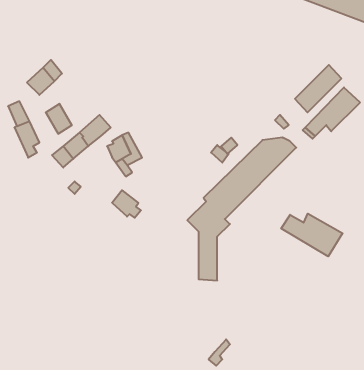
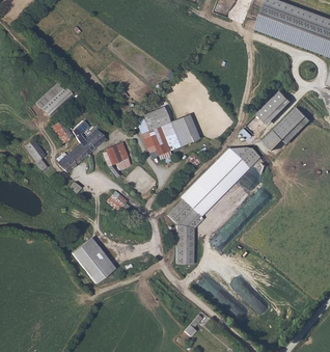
building: none -> [141,112,198,159]
building: [281,214,343,256] -> none
building: none -> [74,238,114,281]

